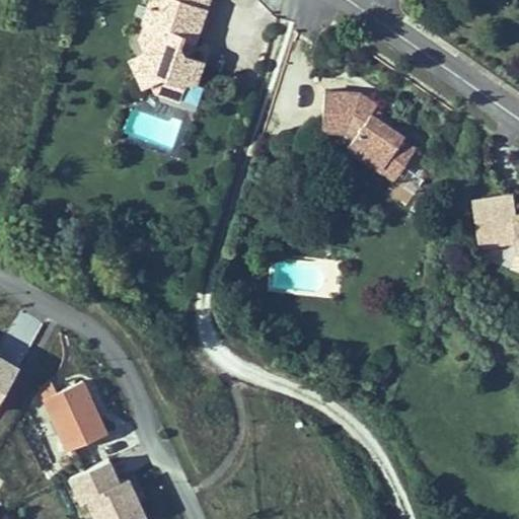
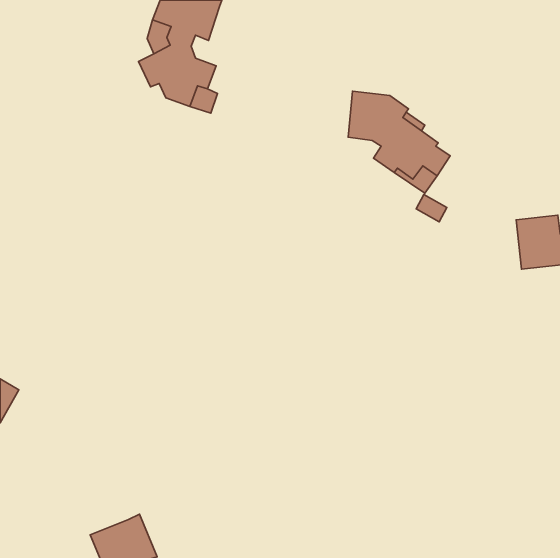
building: [46,381,106,449] -> none
building: [69,460,120,500] -> none

